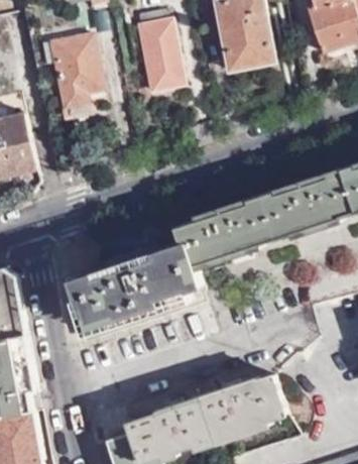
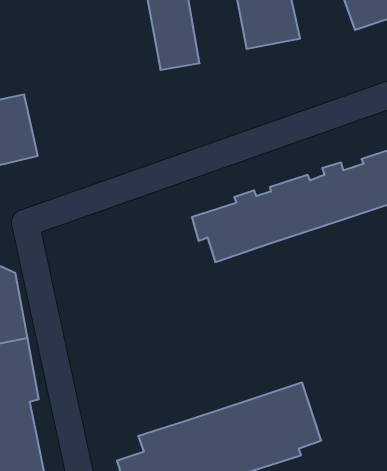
building: [49,33,103,105] -> none
building: [75,241,206,327] -> none

